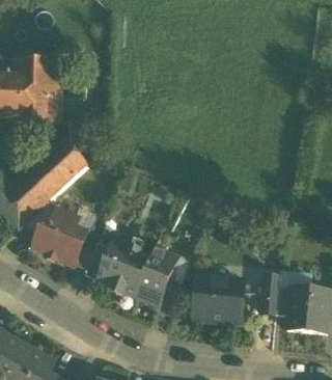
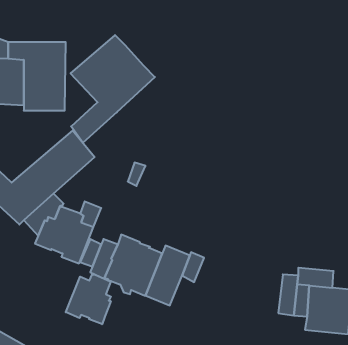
building: none -> [71,35,155,143]
building: none -> [66,274,111,324]
building: [194,277,245,323] -> none

